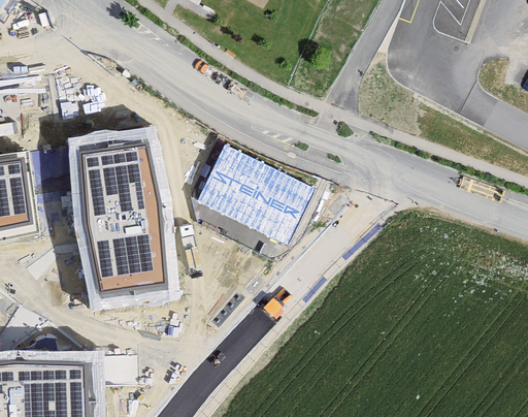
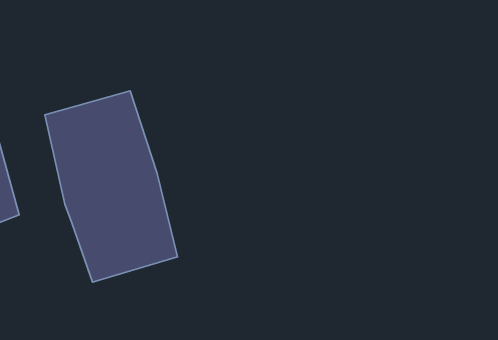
building: [184,138,311,258] -> none

